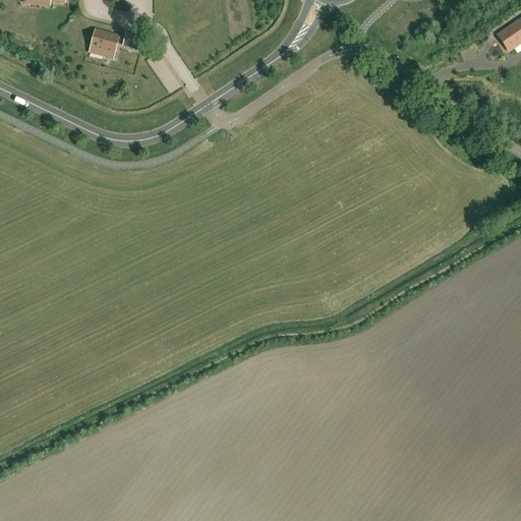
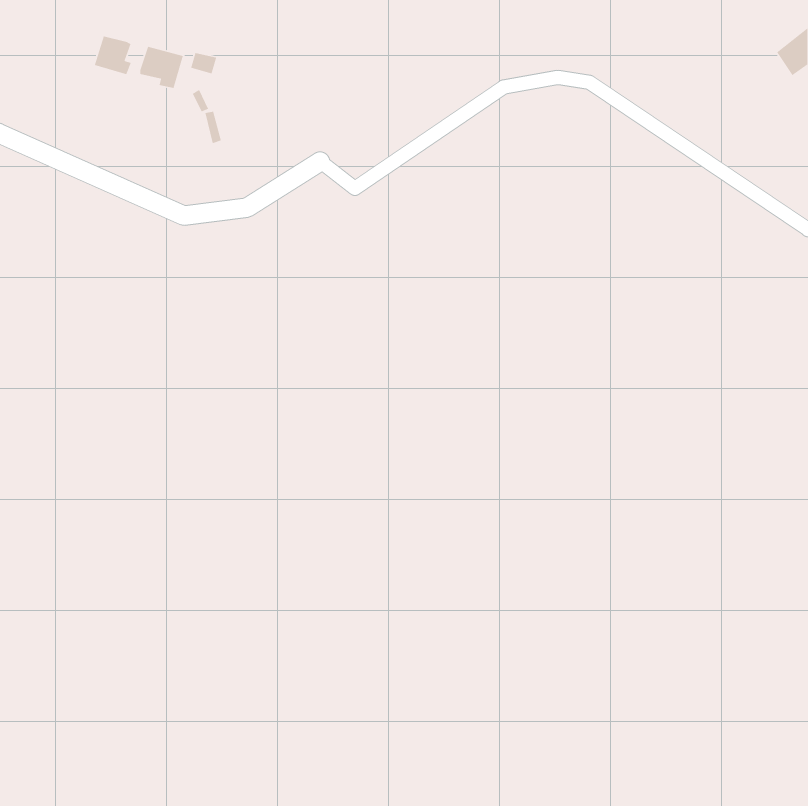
building: none -> [94,36,132,75]

